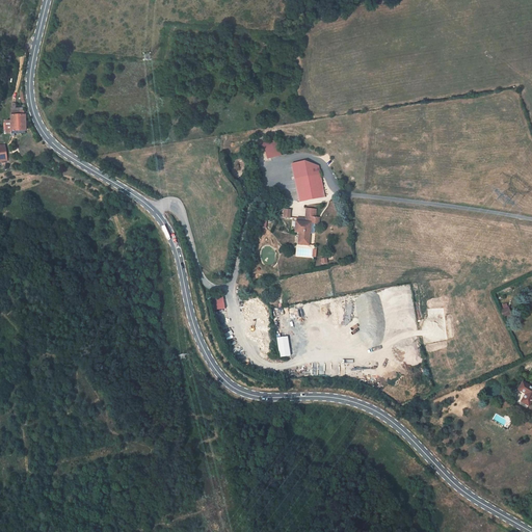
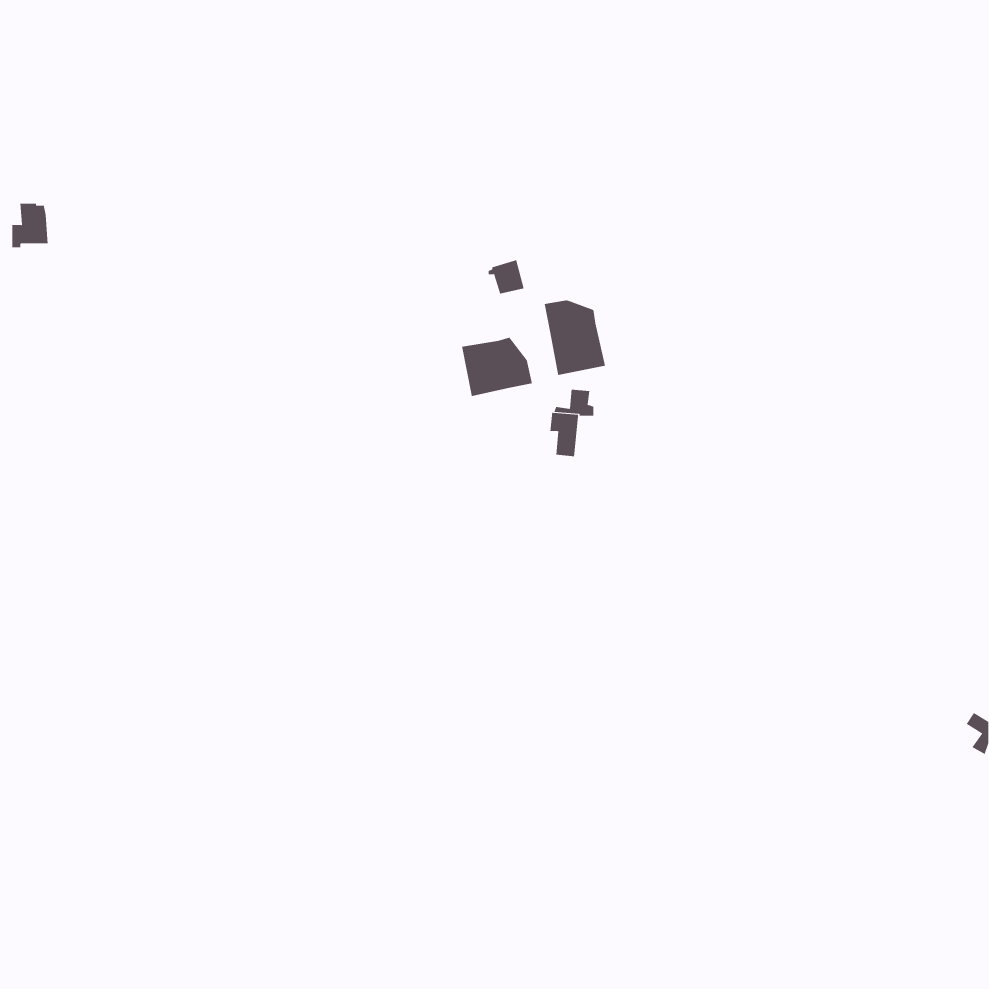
building: none -> [461,337,532,397]

